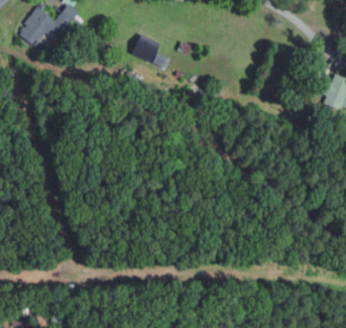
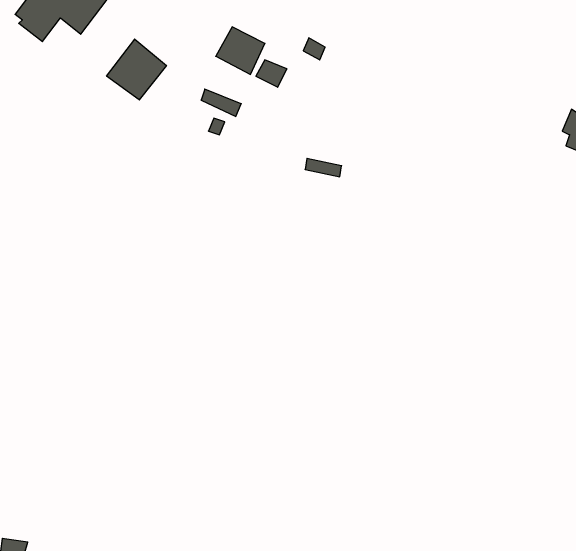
building: none -> [107,39,166,100]

